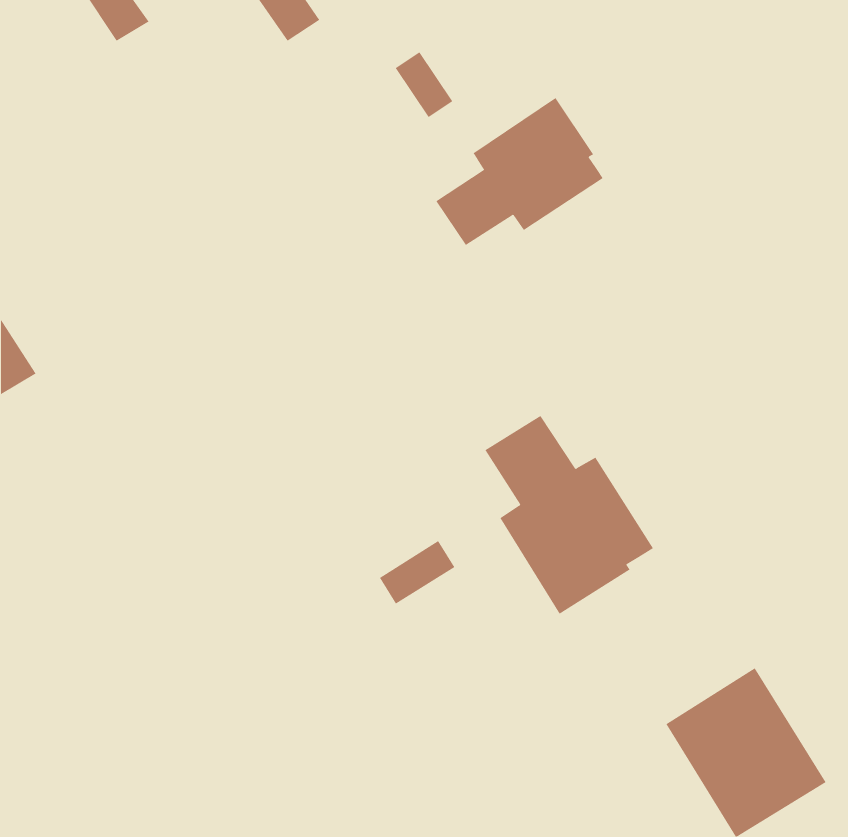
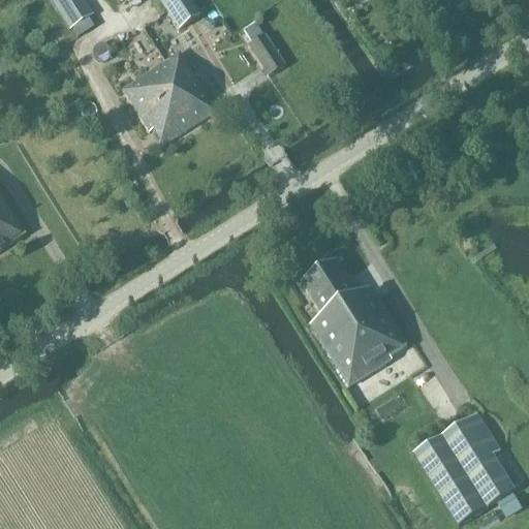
building: none -> [123,49,216,142]
building: [436,97,603,246] -> none
building: [379,540,455,605] -> none

